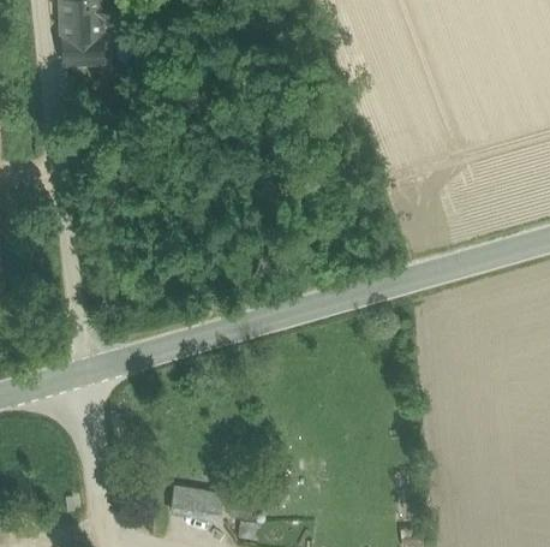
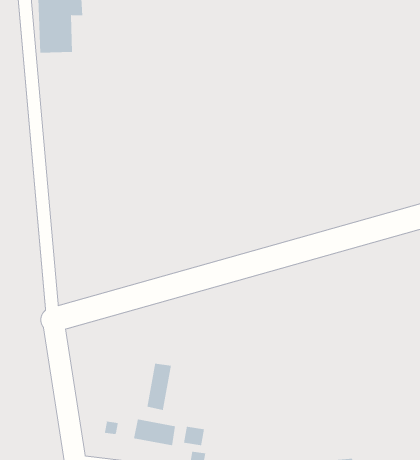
building: none -> [147,363,171,411]

